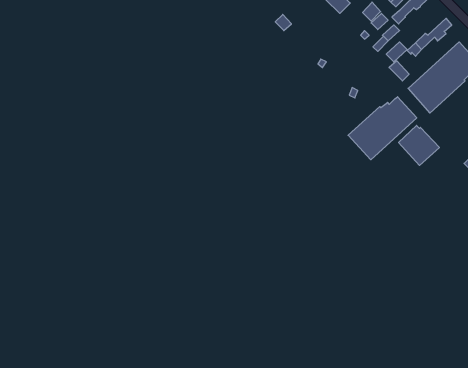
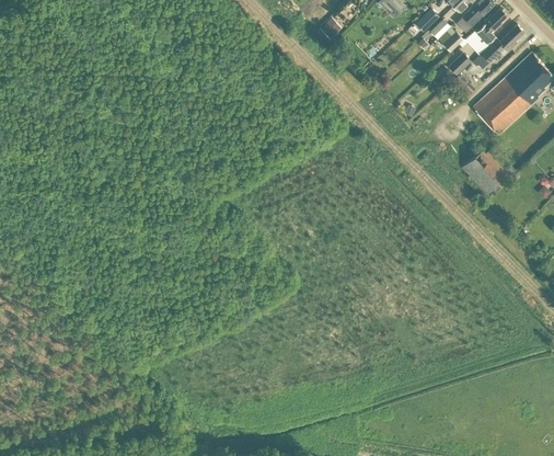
building: none -> [475,9,506,44]
building: [348,97,417,160] -> none

